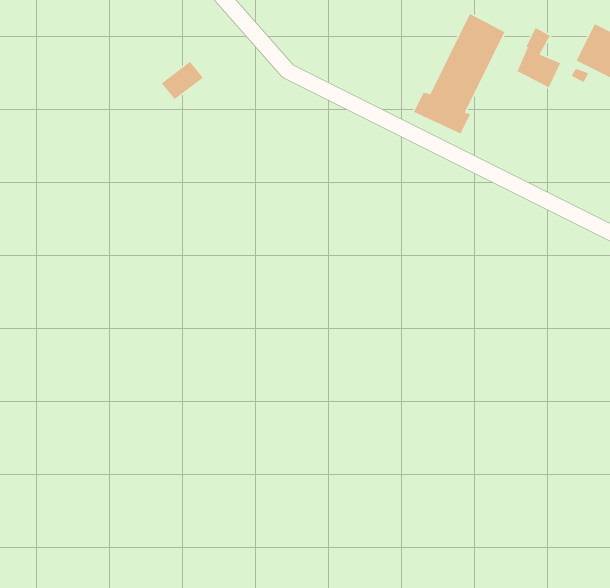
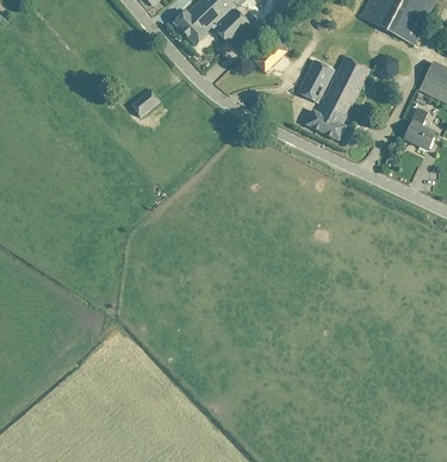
building: none -> [297,58,334,101]
building: [516,27,561,88] -> [404,106,435,149]

